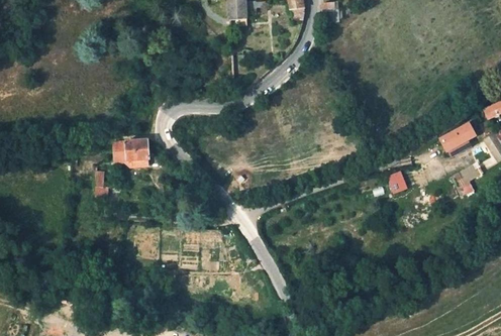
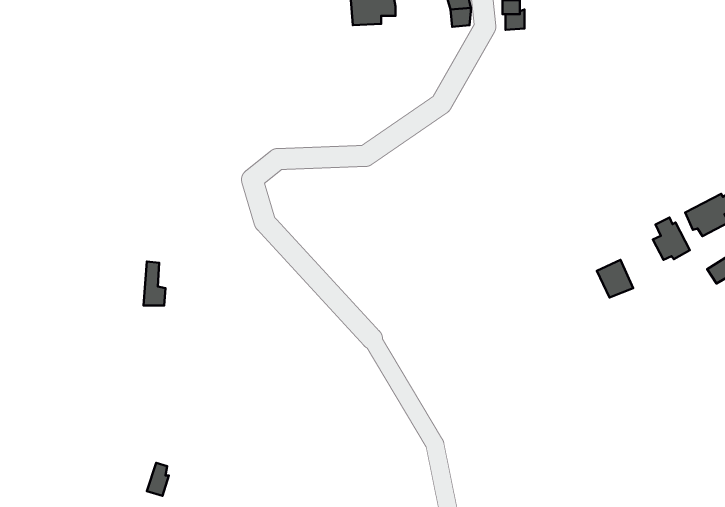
building: [113,138,149,162] -> none
building: none -> [653,218,690,260]

